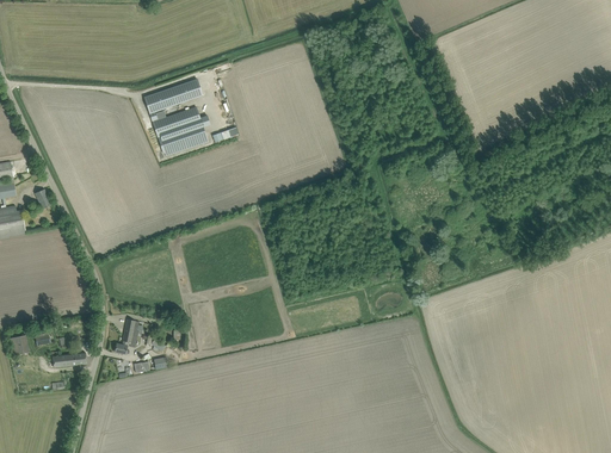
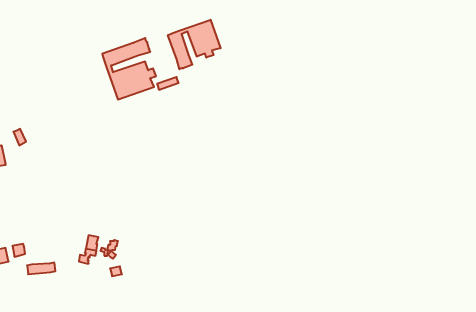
building: none -> [168,20,221,69]

